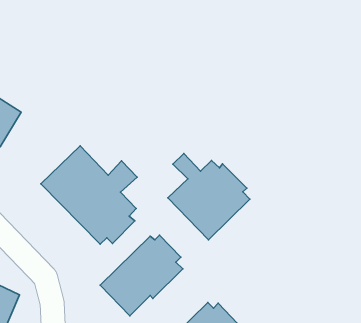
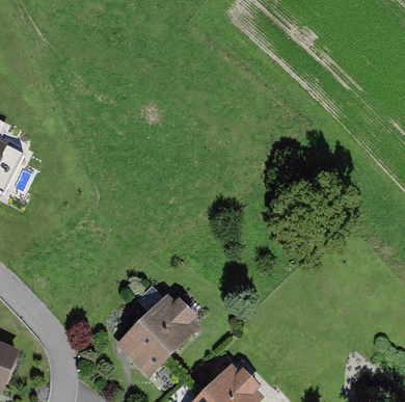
building: [41,146,137,244] -> none
building: [168,153,250,240] -> none

